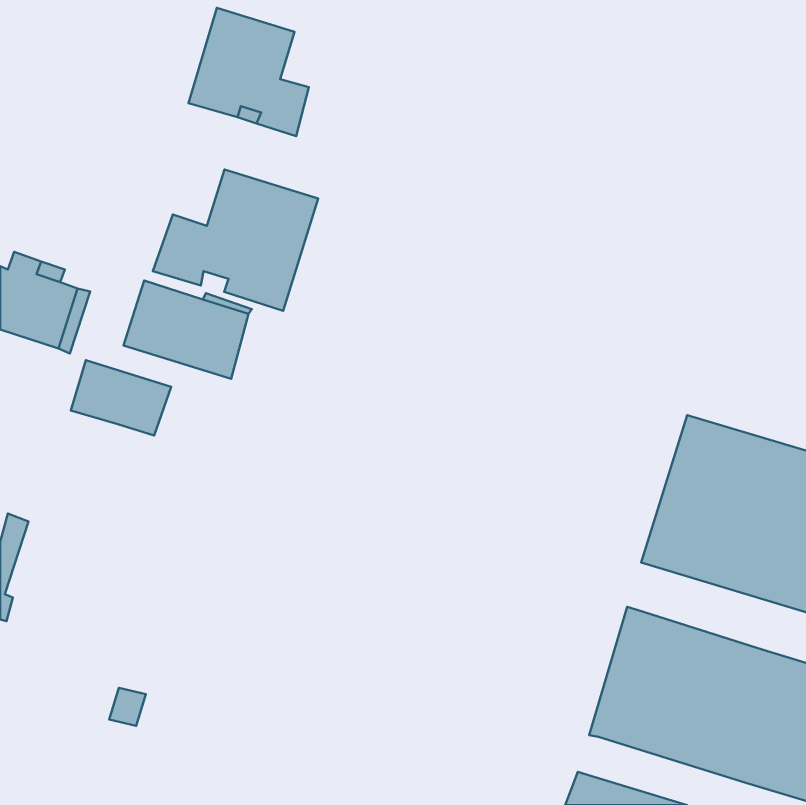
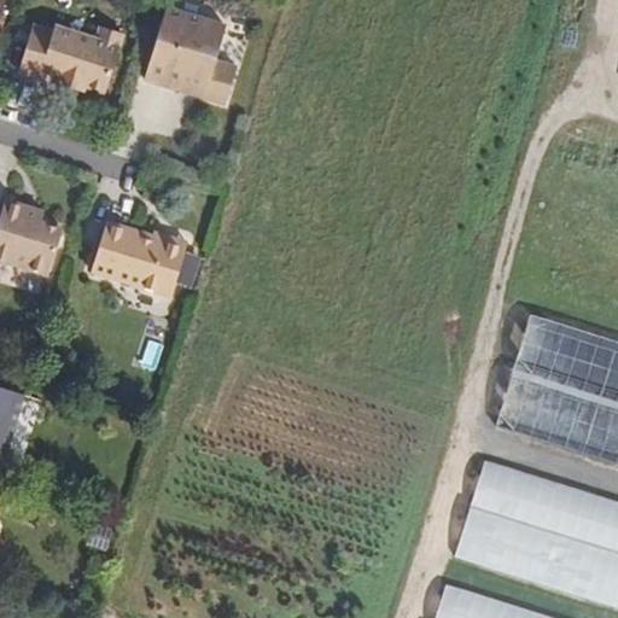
building: none -> [21,19,127,87]
building: [153,170,318,311] -> none
building: [71,360,171,436] -> none

